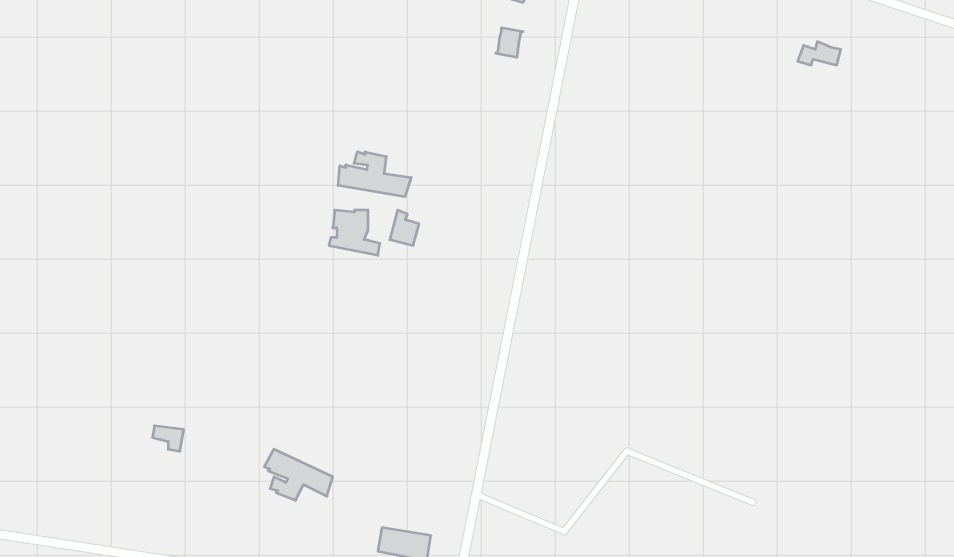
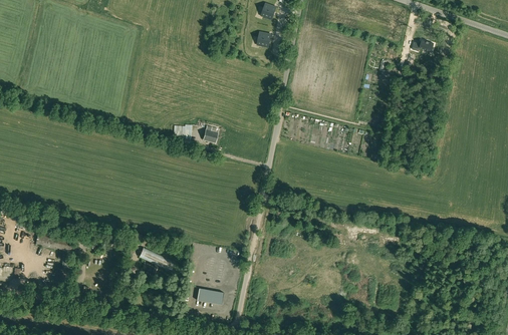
building: [338,152,411,197] -> none

